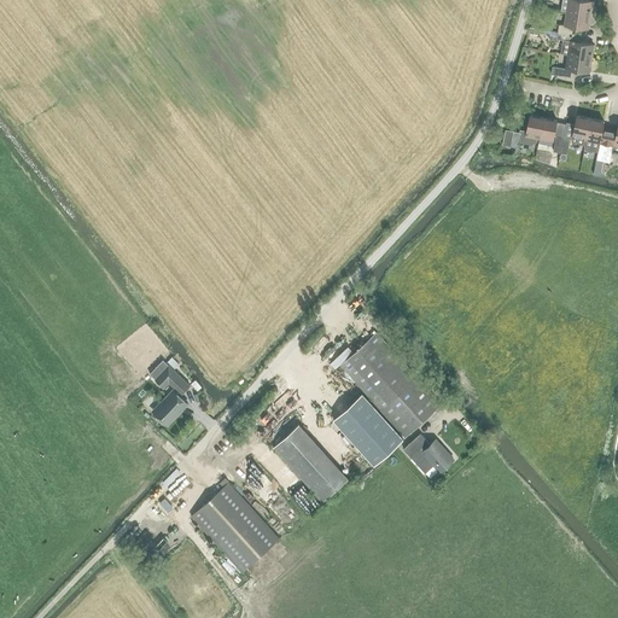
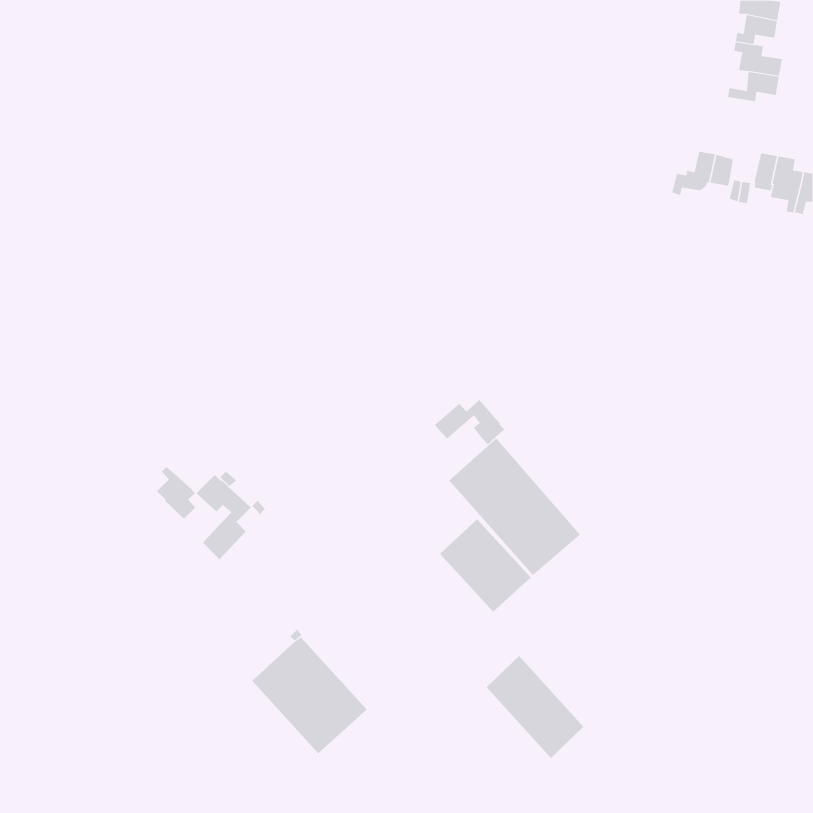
building: none -> [434,399,505,445]
building: none -> [156,466,196,519]
building: [273,424,348,502] -> [486,655,584,759]
building: [403,433,454,473] -> none

